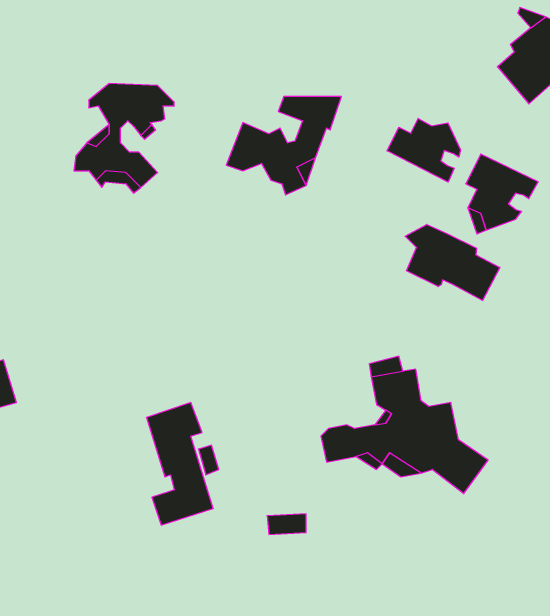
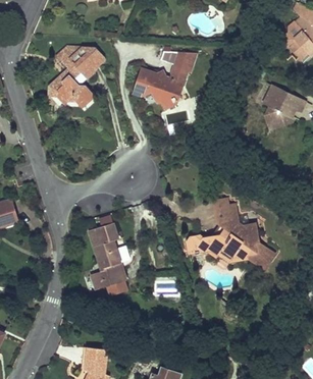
building: [387,118,460,182] -> none
building: [405,224,500,300] -> none

